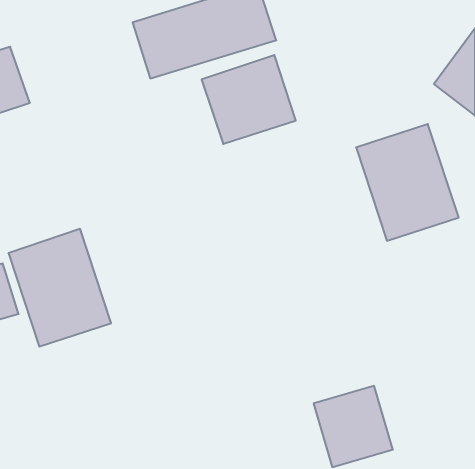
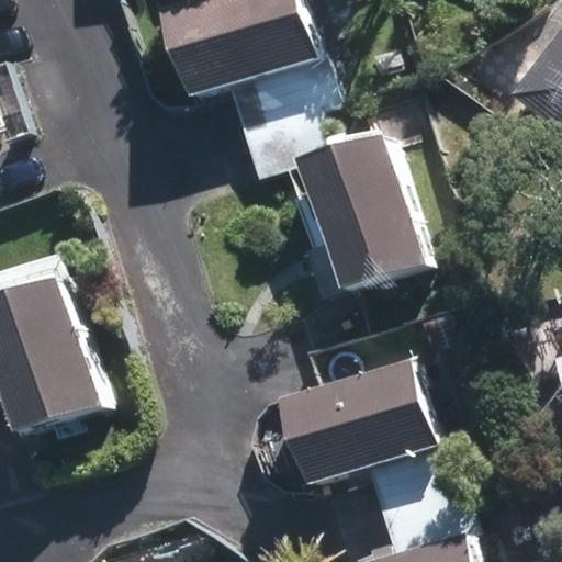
building: [356,124,459,241] -> [289,145,409,282]
building: none -> [273,371,442,482]

